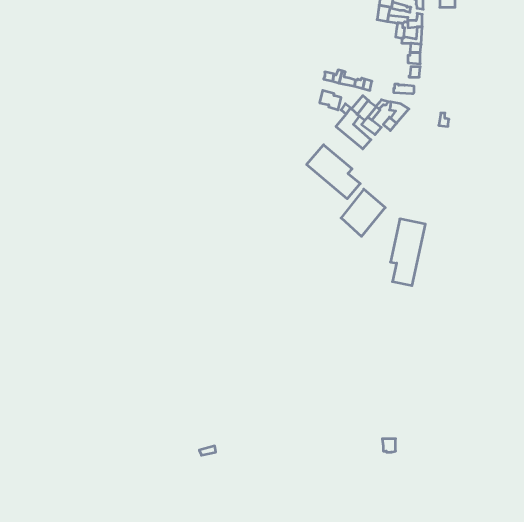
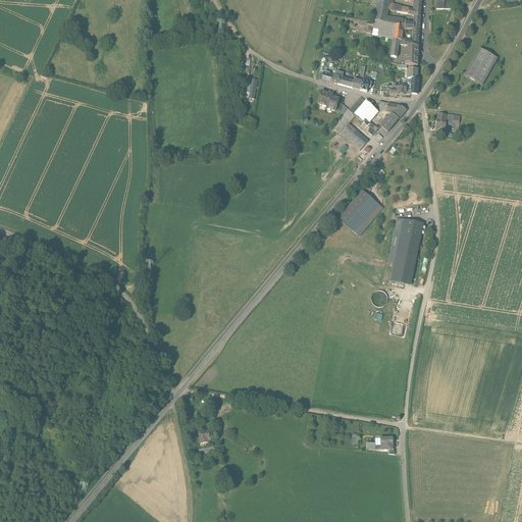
building: none -> [465,46,498,83]
building: [307,145,360,199] -> none

